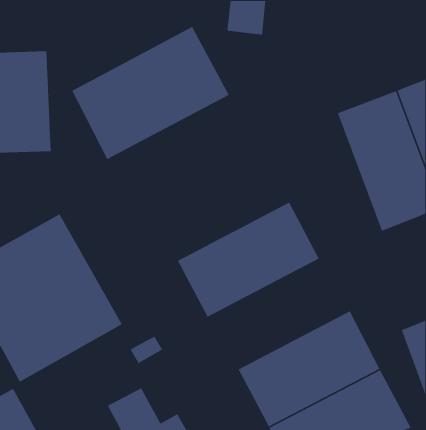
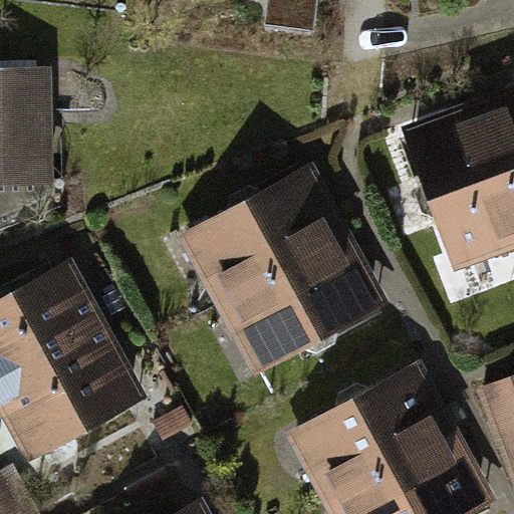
building: [71,26,230,160] -> none
building: none -> [175,172,345,311]

